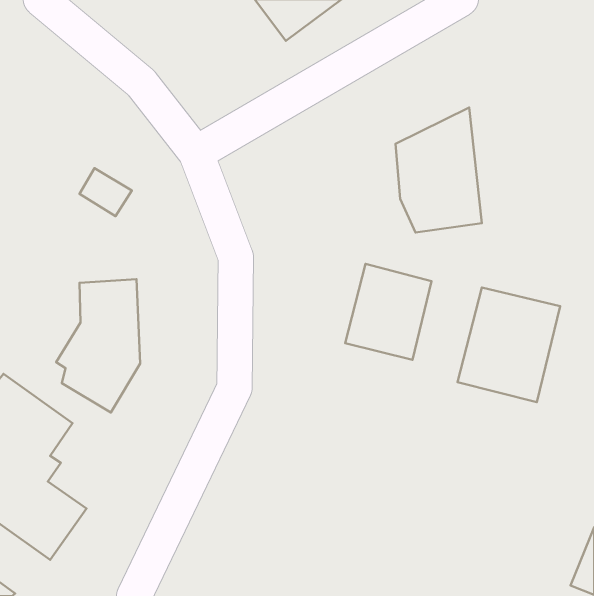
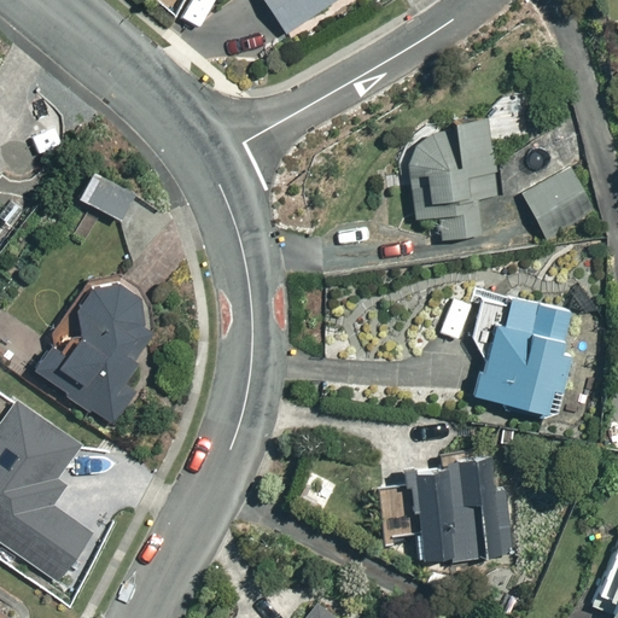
building: none -> [519,167,593,235]
building: [345,264,431,360] -> none
building: none -> [381,445,509,564]

